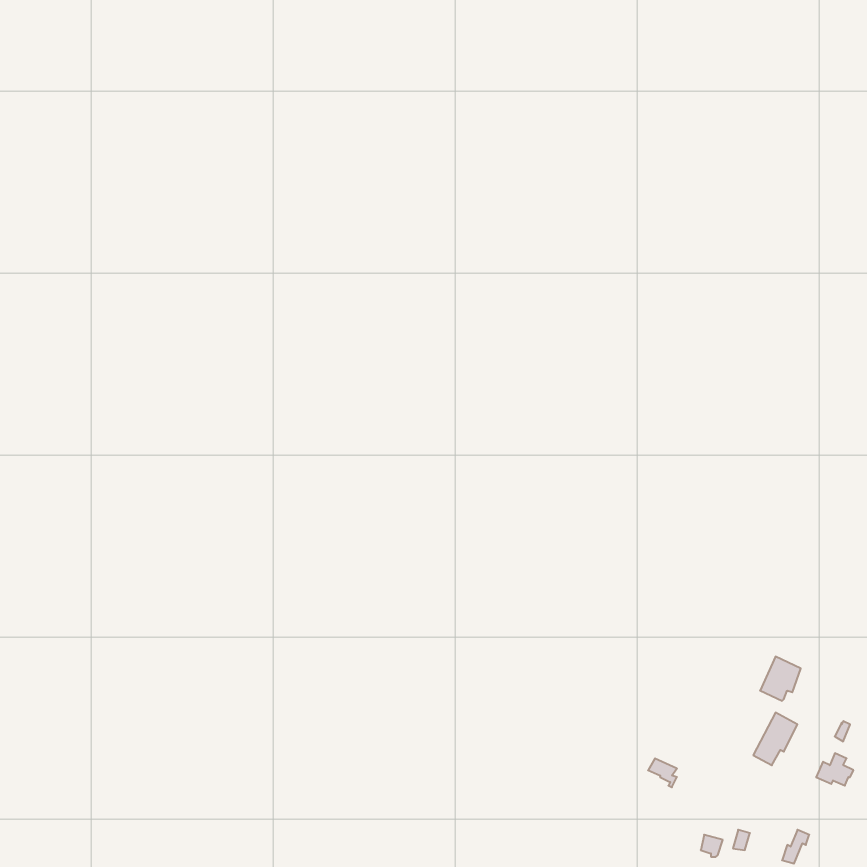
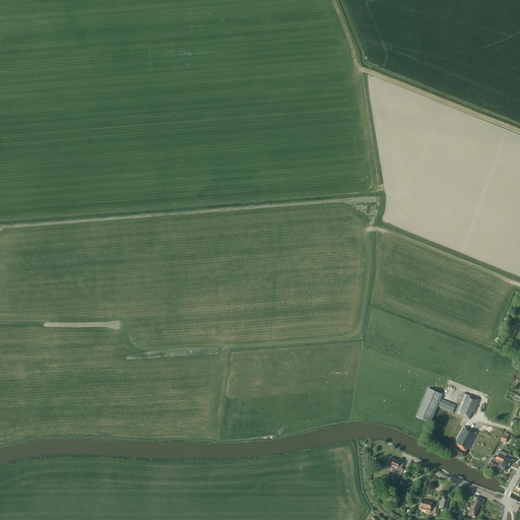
building: none -> [416,389,444,422]

